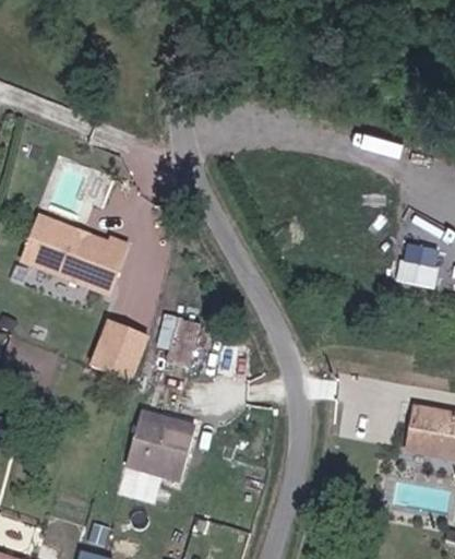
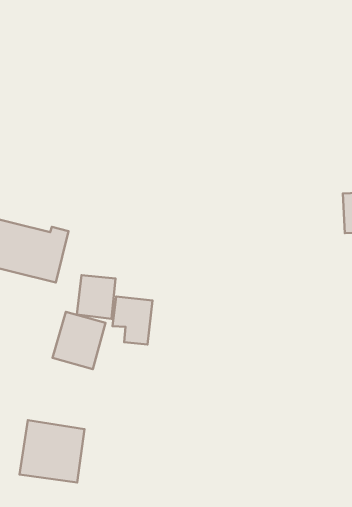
building: none -> [77,275,115,319]
building: [125,412,196,480] -> [20,420,84,482]

